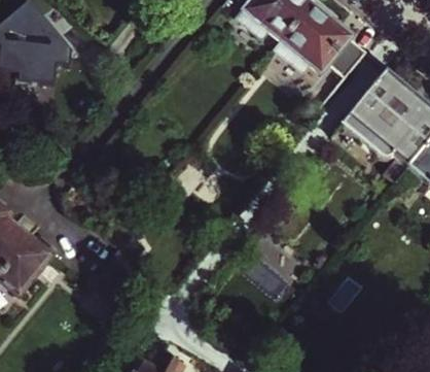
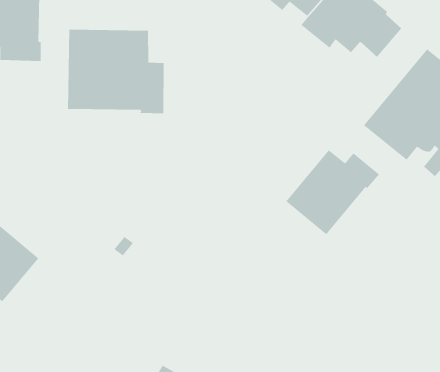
building: none -> [67,29,164,114]
building: none -> [286,150,380,235]

